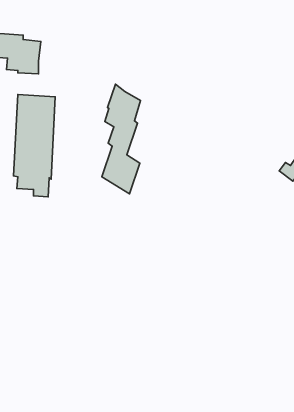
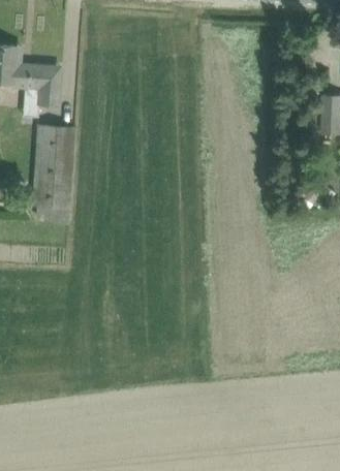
building: [102,84,141,194] -> none

